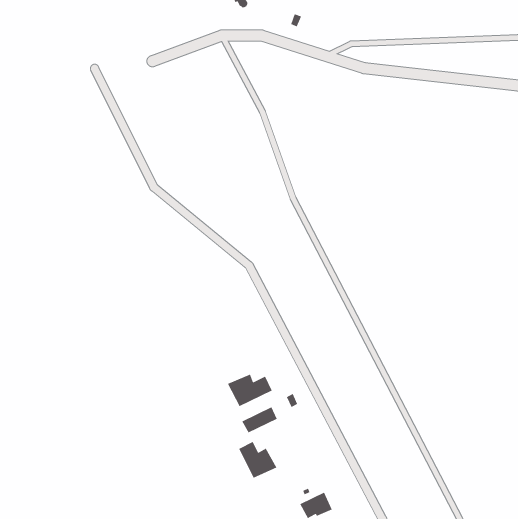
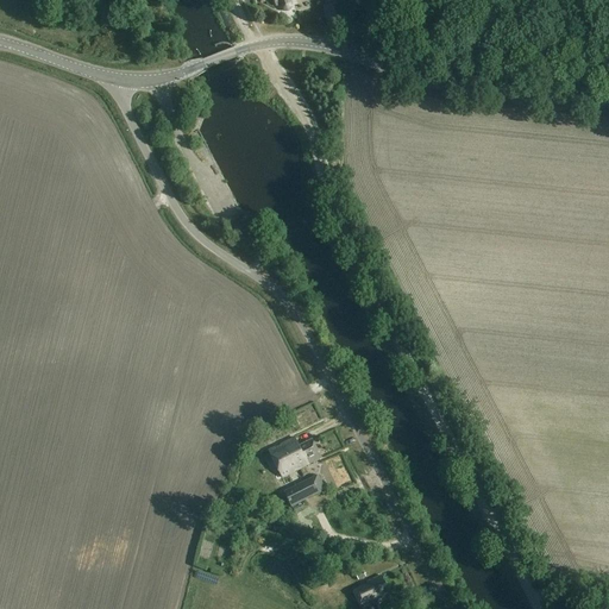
building: [238,441,277,479] -> none

